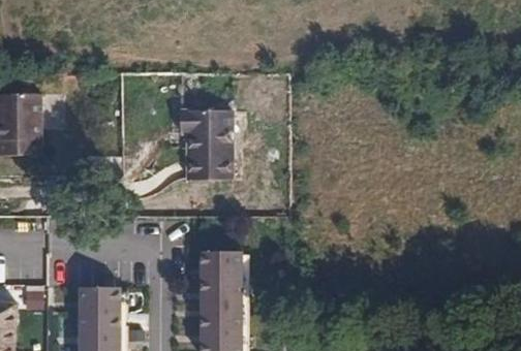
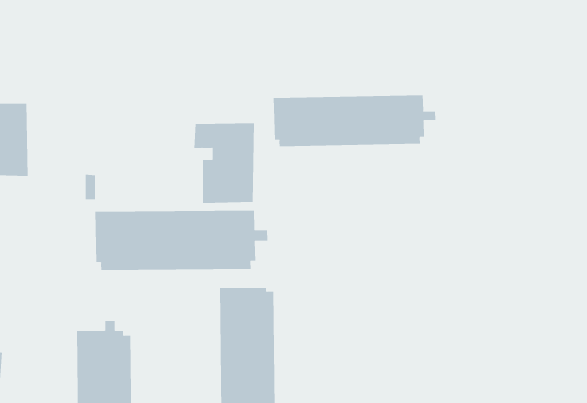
building: none -> [273,94,436,147]
building: none -> [95,210,268,271]

